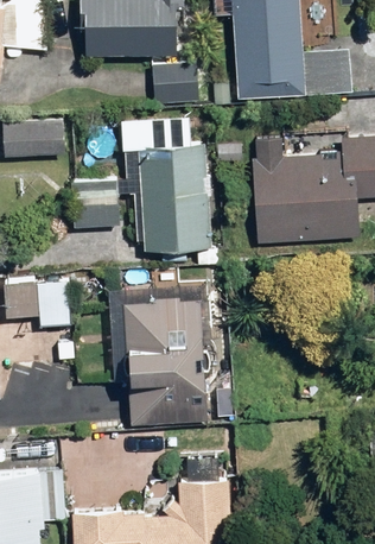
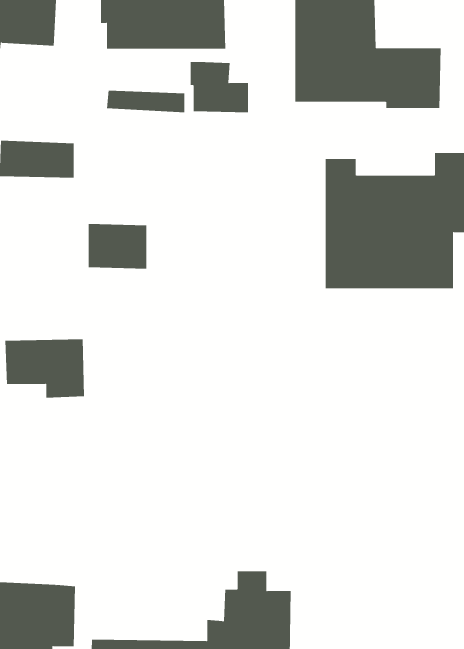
building: [123,140,204,246] -> none
building: [125,297,202,420] -> none

